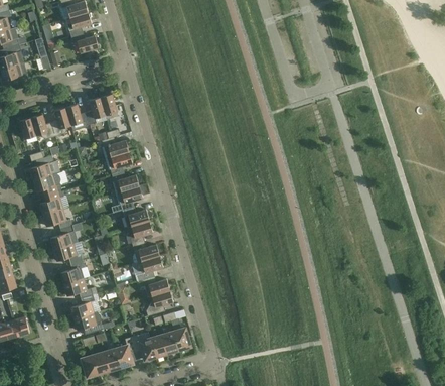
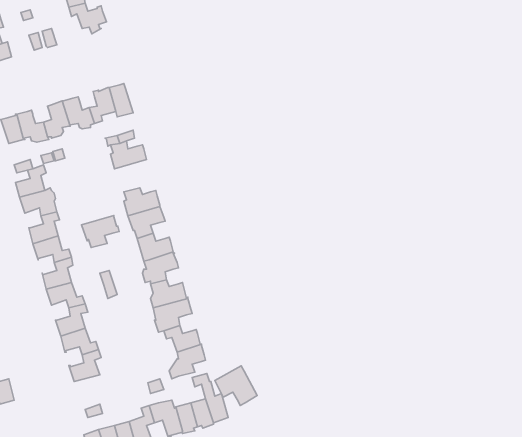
building: [105,150,133,174] -> [82,216,119,248]
building: none -> [215,366,257,405]
building: [75,310,103,334] -> none

